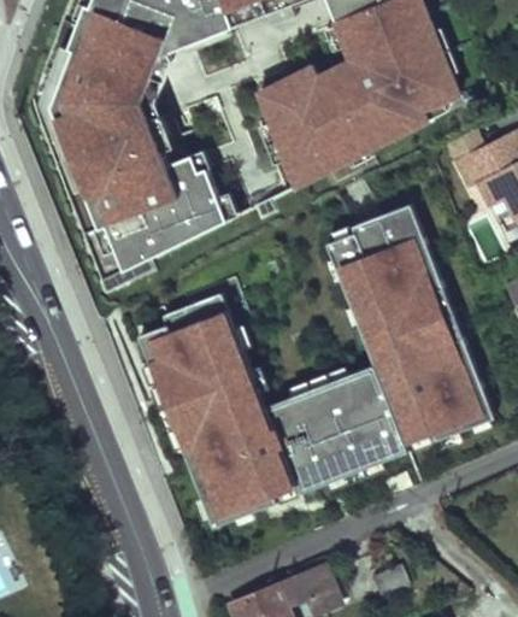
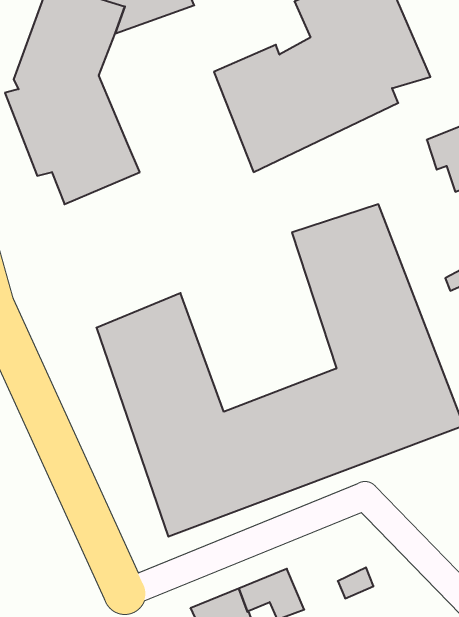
building: [81,142,225,262] -> none

